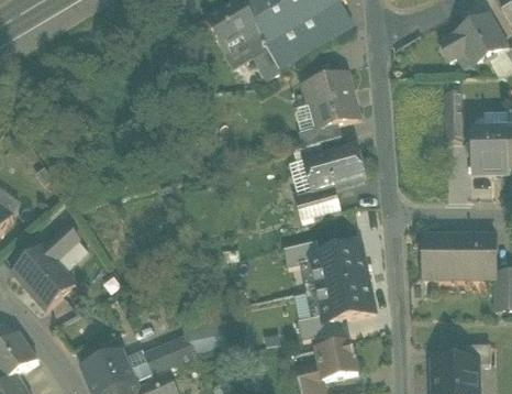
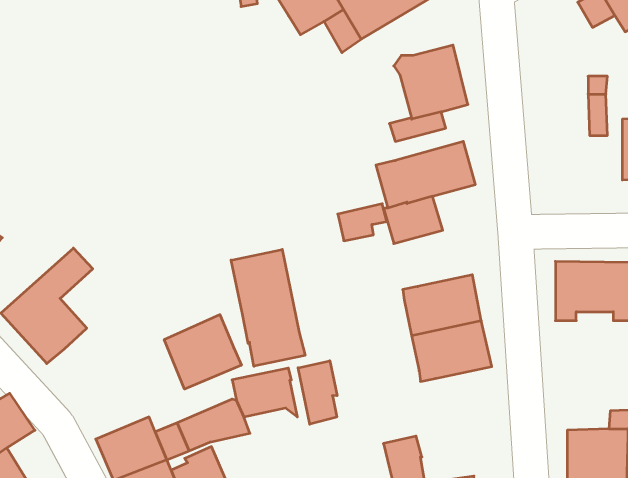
building: none -> [231,249,305,366]
building: [283,238,320,265] -> [338,204,387,241]
building: none -> [164,315,241,389]
building: none -> [298,361,337,424]
building: [299,314,335,339] -> none
building: [315,339,357,377] -> none

